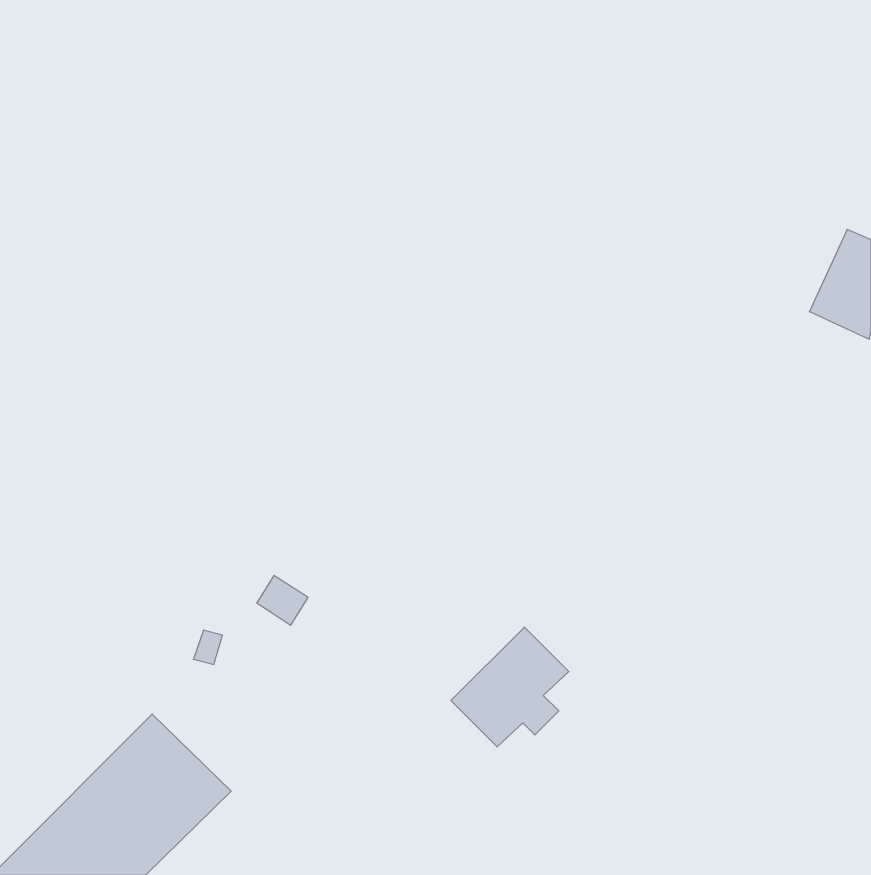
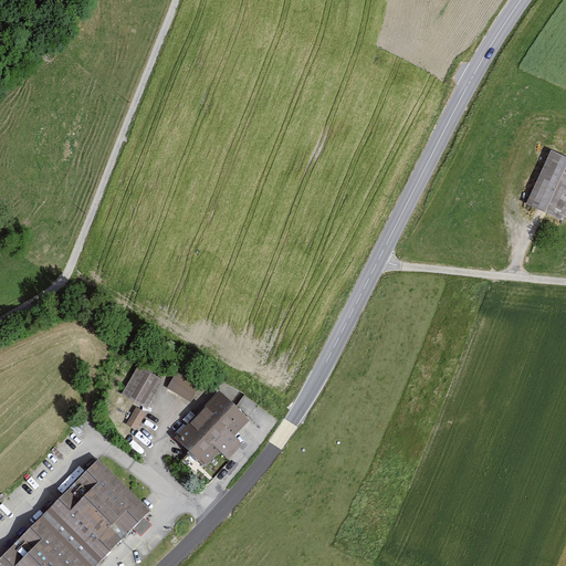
building: none -> [122,367,164,409]
building: [451,627,569,747] -> [174,390,250,468]

